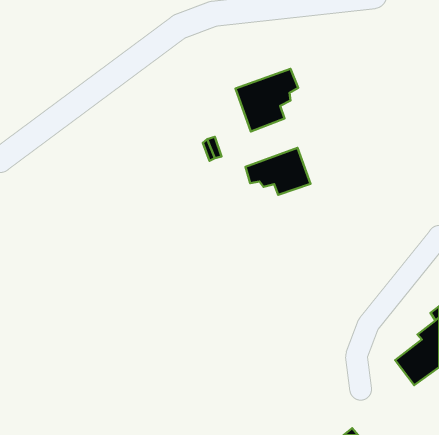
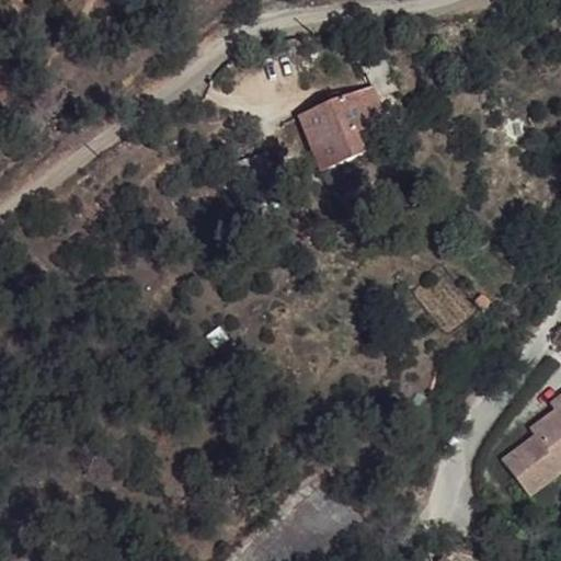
building: [245,148,310,195] -> none

